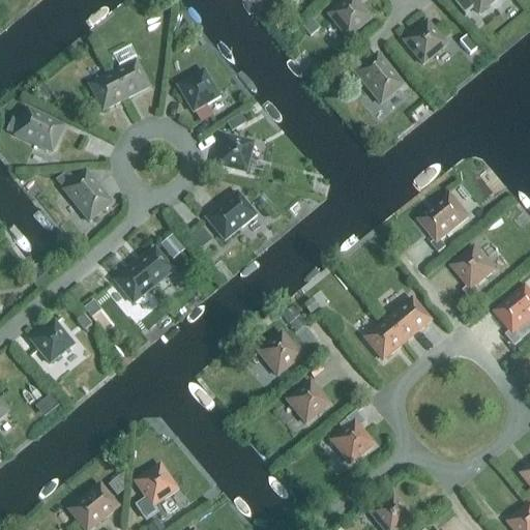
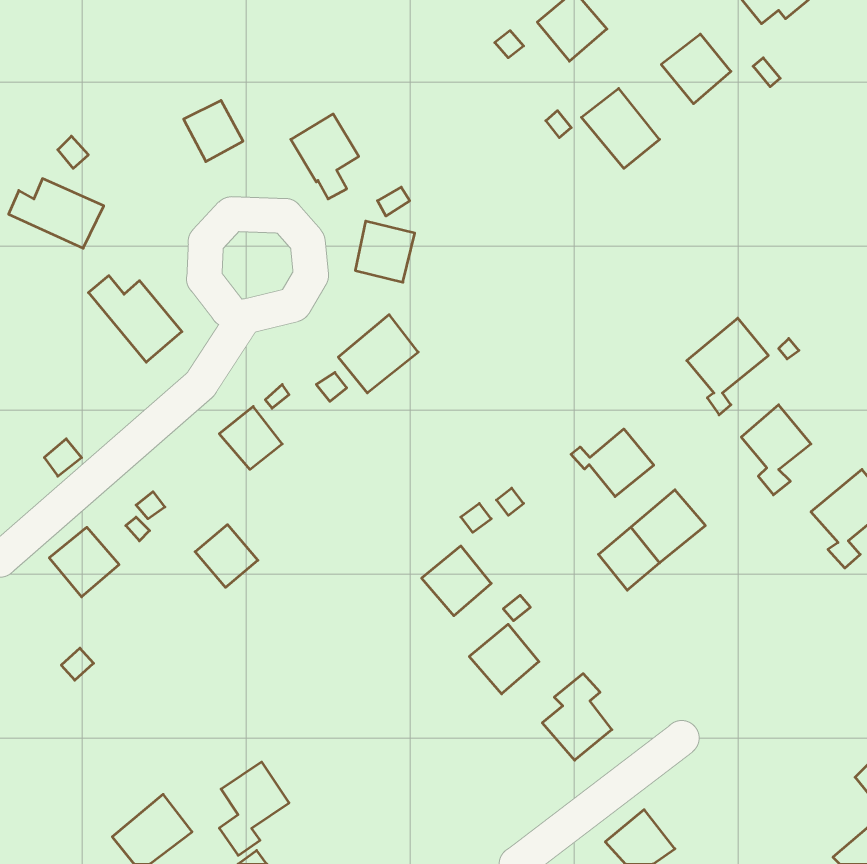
building: [90,72,126,110] -> none
building: none -> [571,429,654,497]
building: [115,264,153,302] -> [195,525,258,587]

